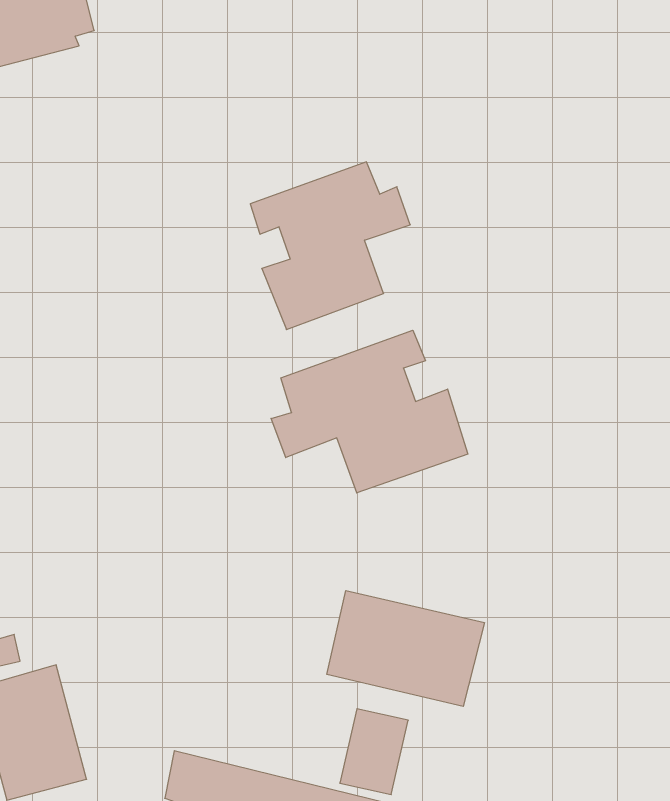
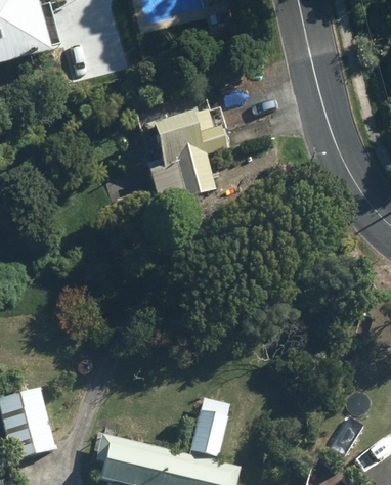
building: [271,330,468,493] -> none
building: [327,591,484,706] -> none

